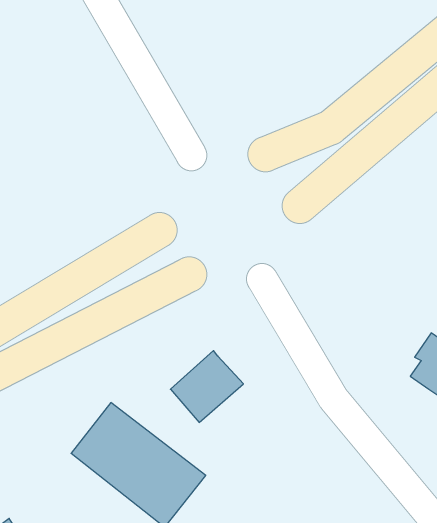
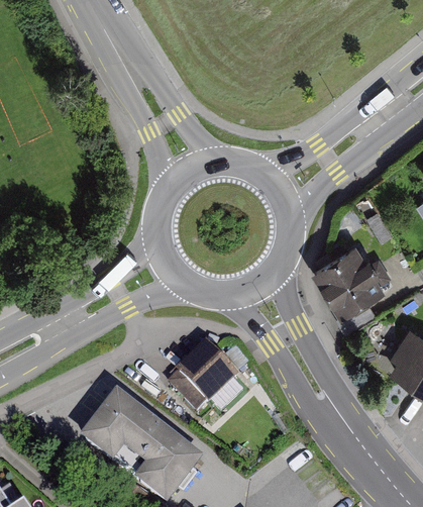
building: none -> [312,242,392,317]

